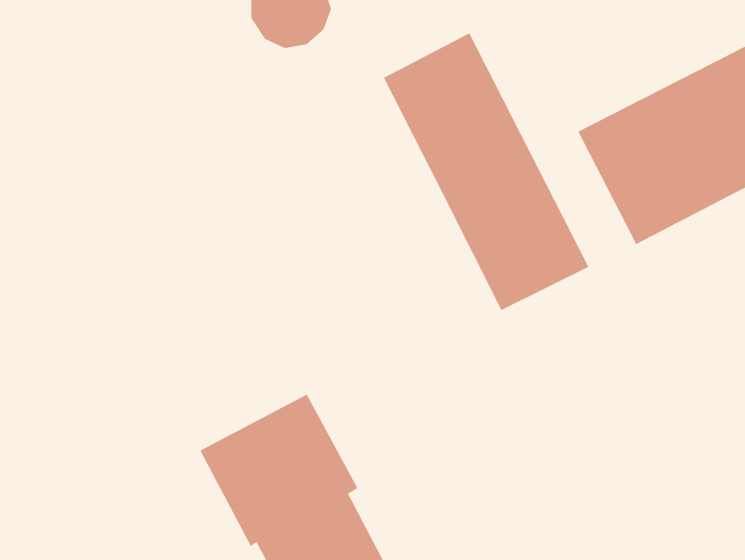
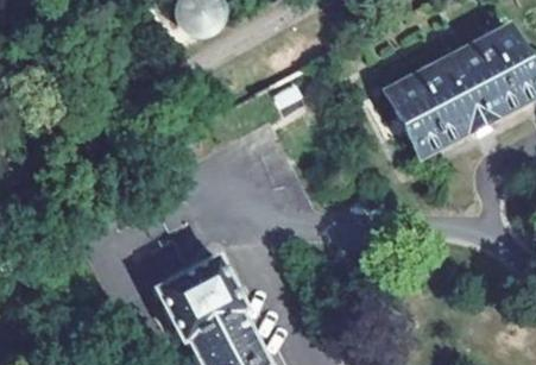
building: [383,32,589,311] -> none

